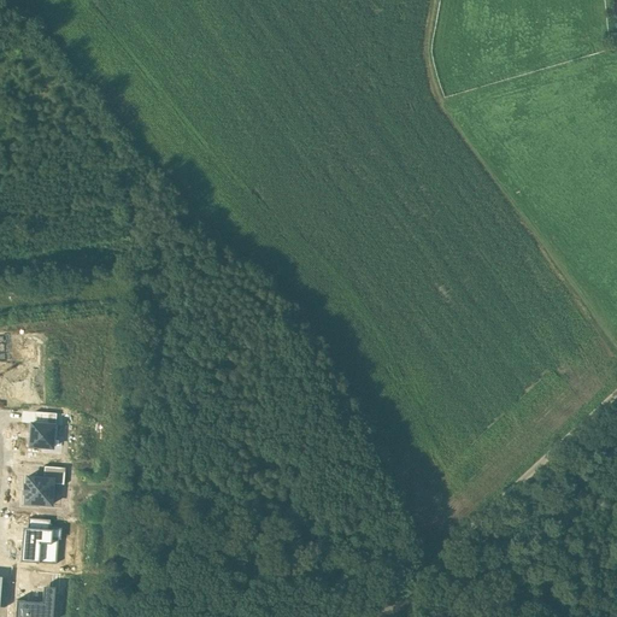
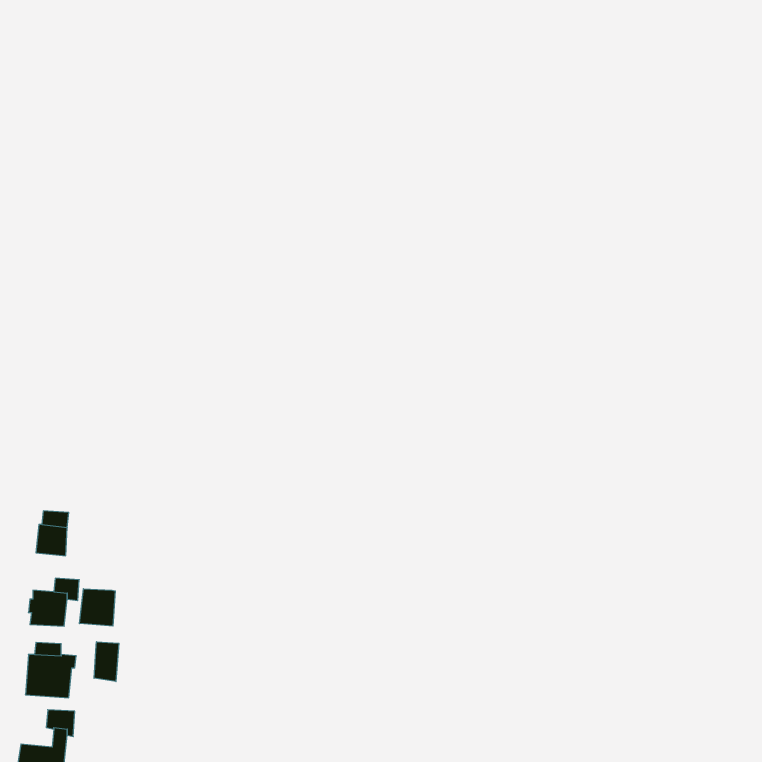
building: none -> [79,589,115,626]
building: none -> [94,642,119,682]

